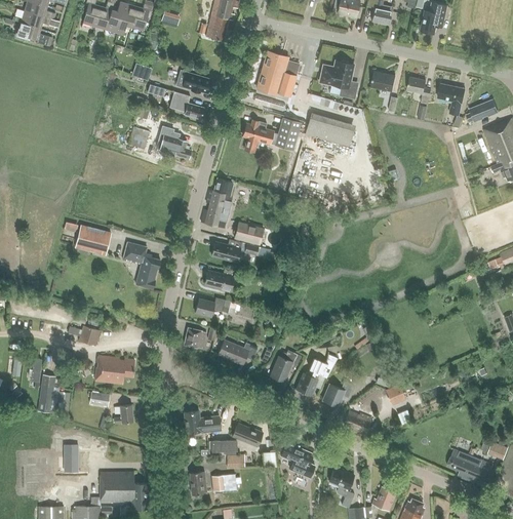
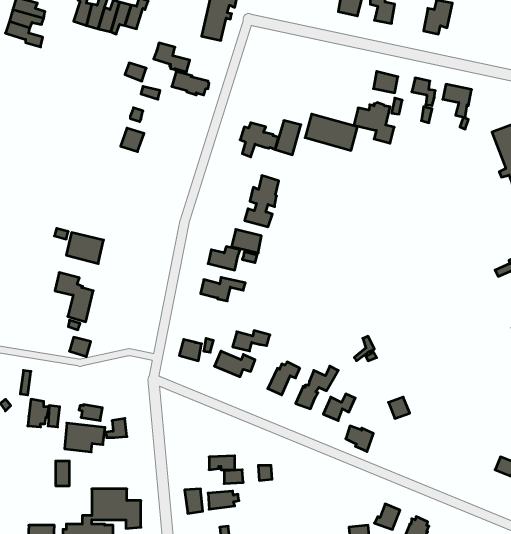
building: [256,52,299,95] -> none
building: [319,59,358,98] -> [354,103,394,143]
building: [168,91,203,119] -> [154,43,190,72]
building: [465,99,498,122] -> none
building: [156,126,191,159] -> none
building: [200,178,233,228] -> [245,176,279,227]
building: [123,242,160,289] -> [55,273,93,322]
building: [194,297,230,317] -> [233,331,270,351]
building: [95,356,134,384] -> [65,423,105,452]
building: [184,410,221,433] -> none
building: [232,423,263,446] -> none
building: [280,443,314,478] -> none
building: [446,448,492,487] -> none
building: [328,468,354,507] -> none

